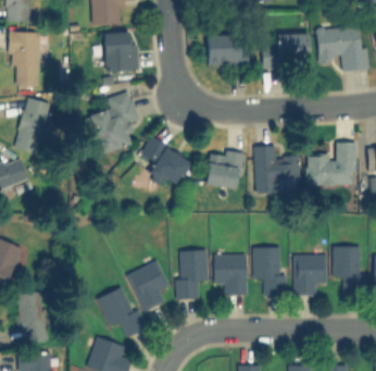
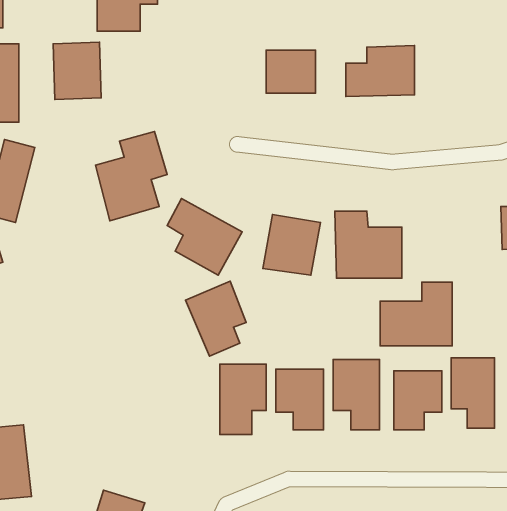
building: [317,27,366,72] -> none
building: [104,33,137,72] -> [53,42,101,100]
building: [306,143,355,186] -> [380,282,452,346]
building: [127,260,168,311] -> [186,281,246,356]
building: [98,286,146,337] -> none

